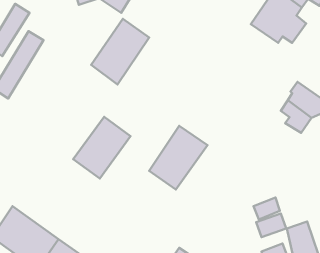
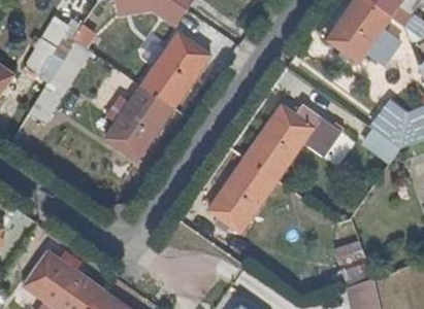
building: none -> [244,104,340,180]
building: [73,117,131,179] -> [105,87,172,159]

